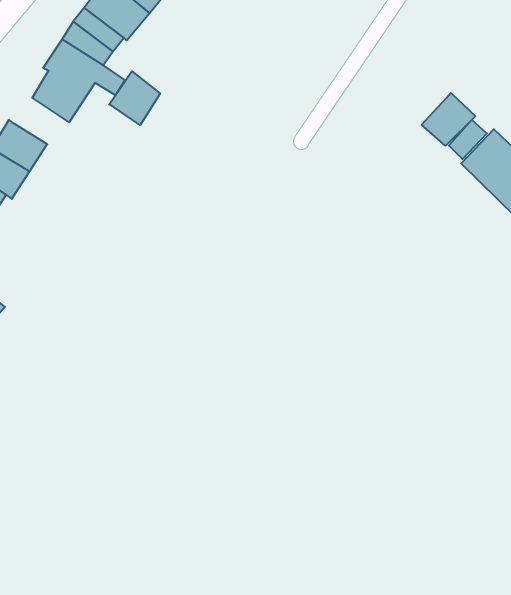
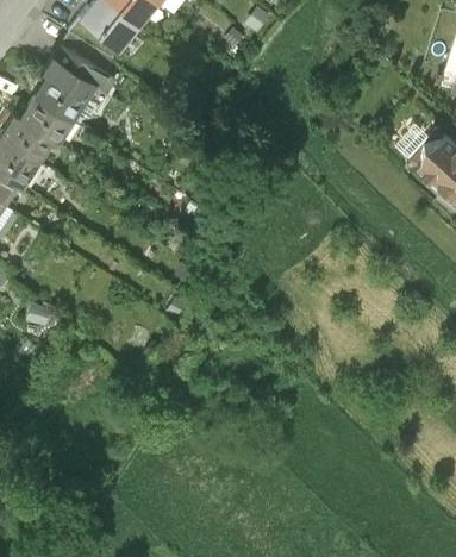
building: [109,71,160,125] -> none
building: [422,93,475,146] -> none
building: none -> [21,100,69,144]

